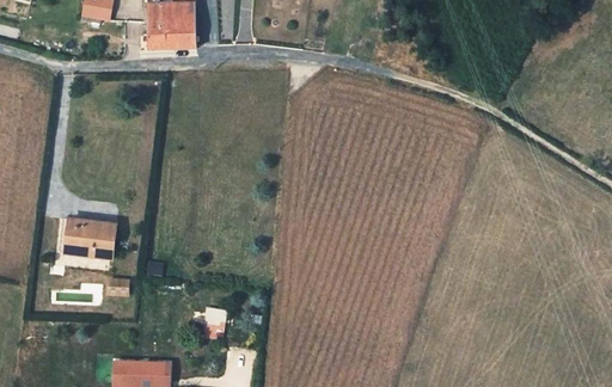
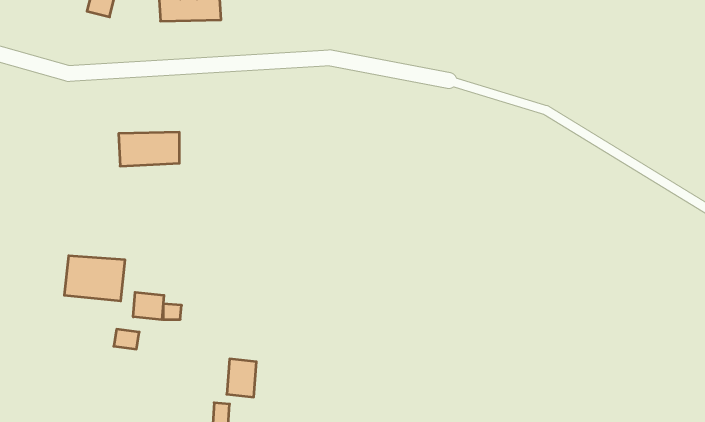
building: [145,18,196,47] -> [119,132,179,166]
building: none -> [133,292,164,320]

